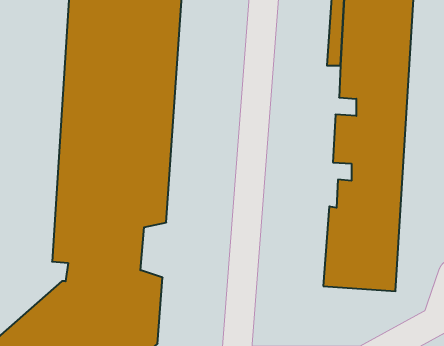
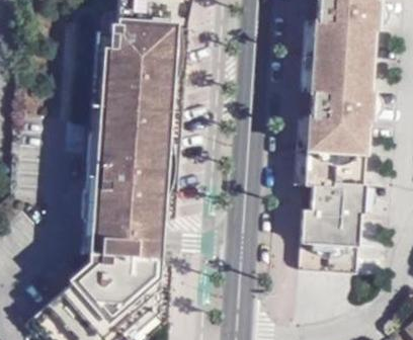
building: none -> [299,110,329,180]

